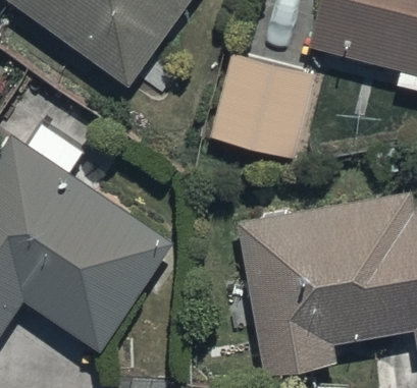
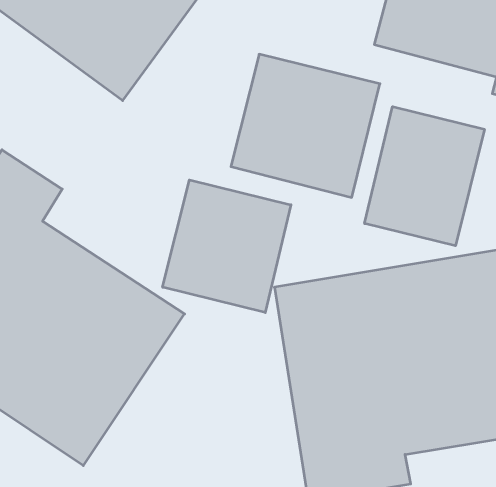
building: none -> [365,107,484,246]
building: none -> [163,180,291,313]

